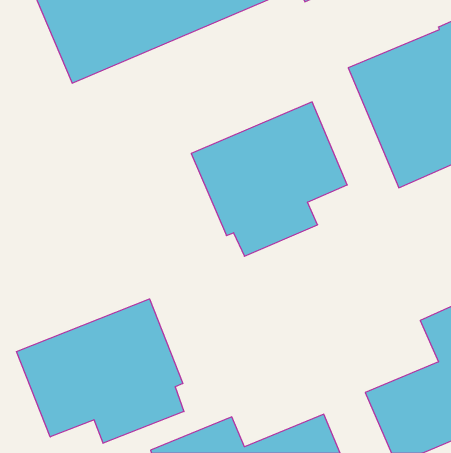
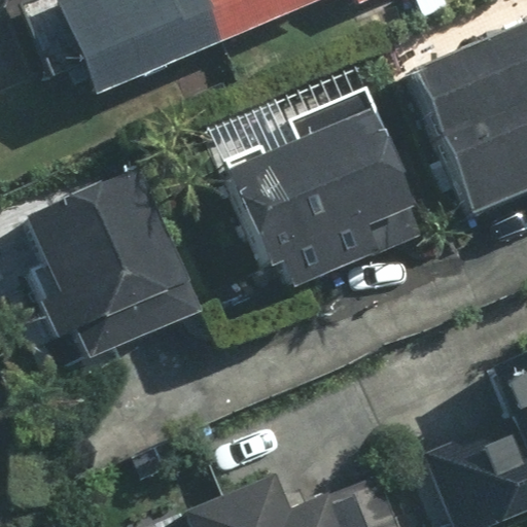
building: none -> [28,174,197,357]
building: [16,299,184,443] -> none

